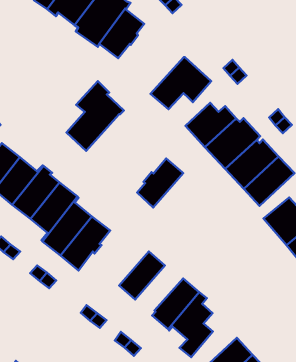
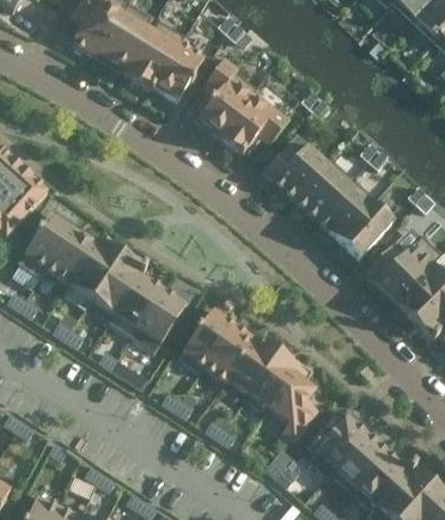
building: [66,81,124,151] -> [193,57,257,140]
building: [137,158,183,207] -> [182,308,233,367]
building: none -> [222,336,276,392]

